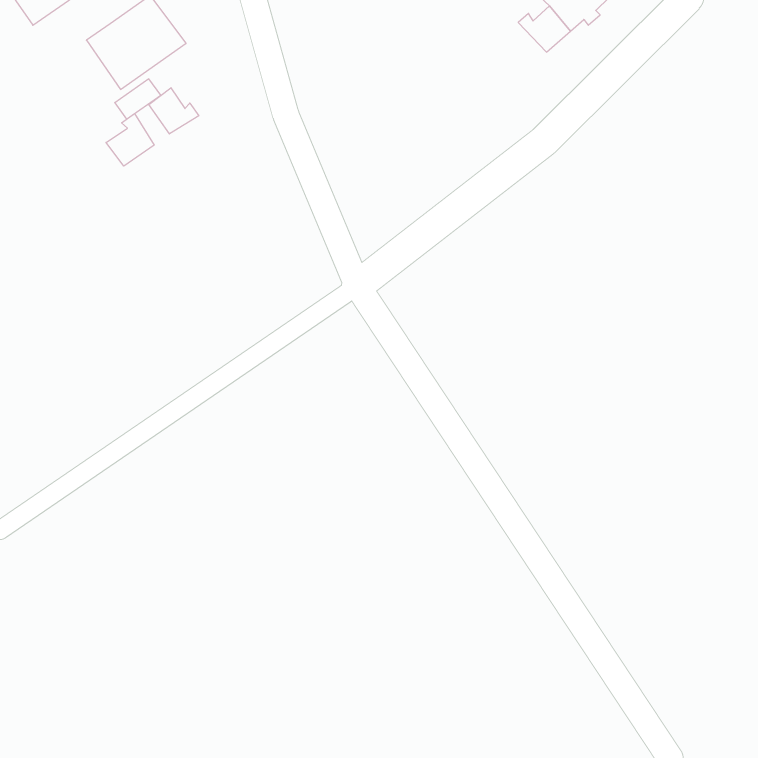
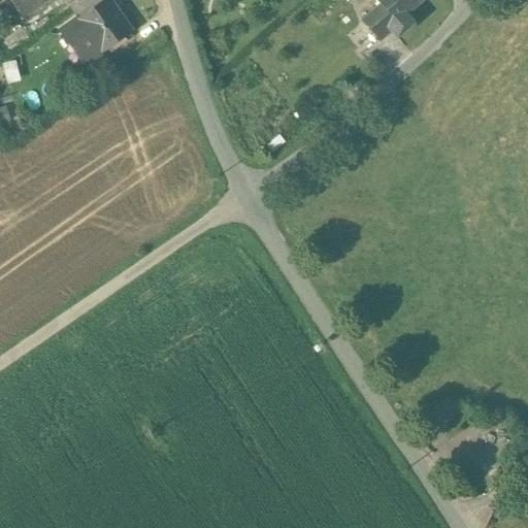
building: [149,88,199,134] -> none
building: [106,114,154,166] -> none

